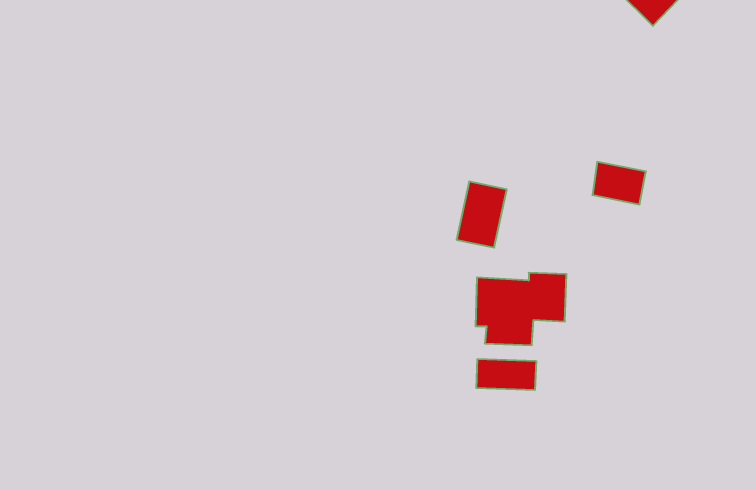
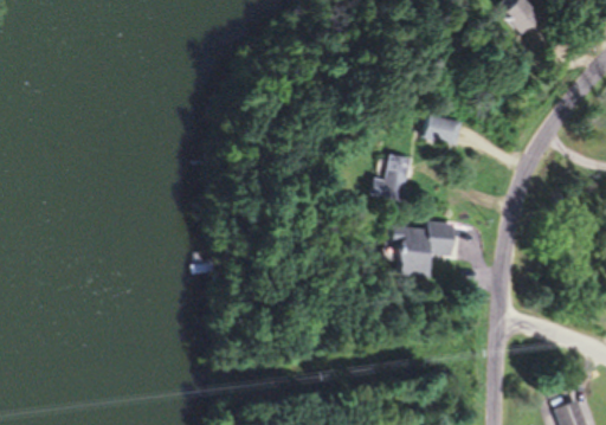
building: [592,162,646,204] -> [420,114,460,146]
building: [476,359,536,390] -> none

